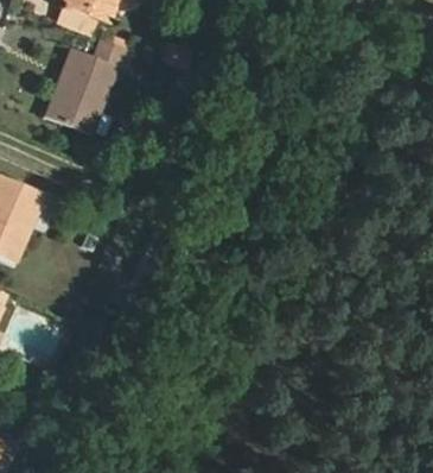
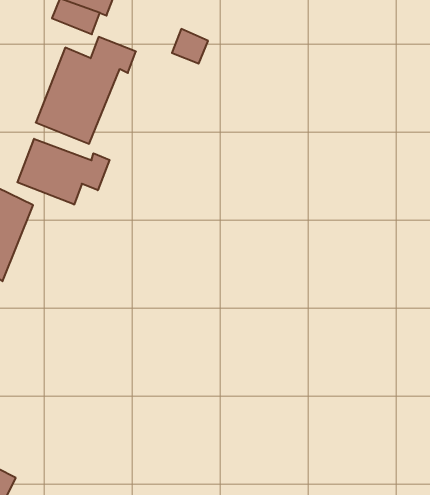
building: none -> [17,139,110,205]

